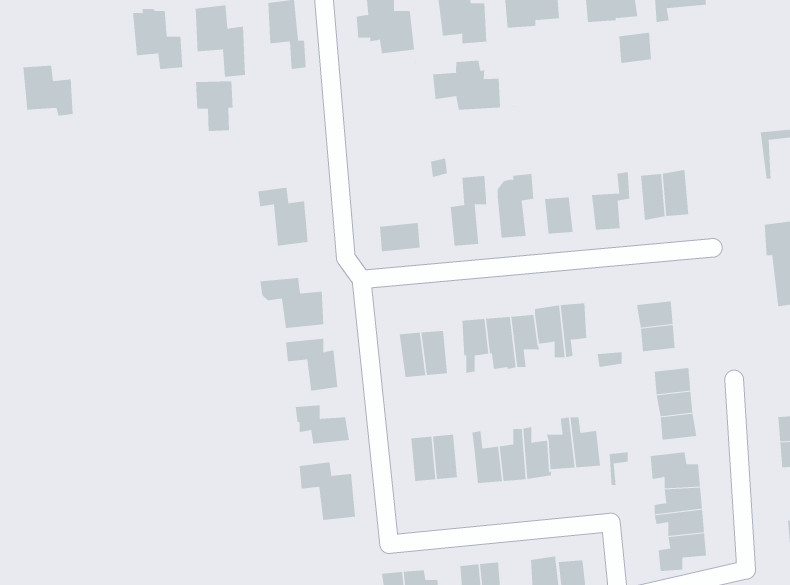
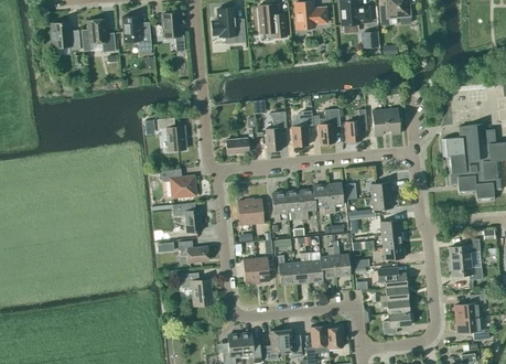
building: [433,60,515,110] -> none
building: [23,65,74,116] -> [51,22,79,51]
building: [195,80,233,132] -> none

